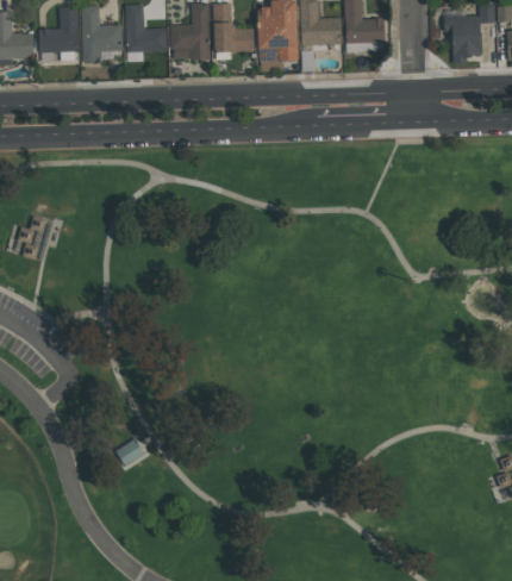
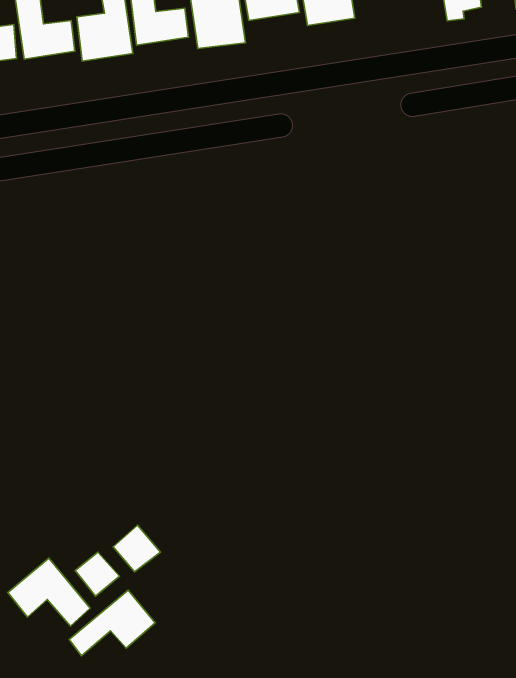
building: none -> [113,525,160,572]
building: none -> [8,558,90,626]
building: none -> [69,590,155,656]

